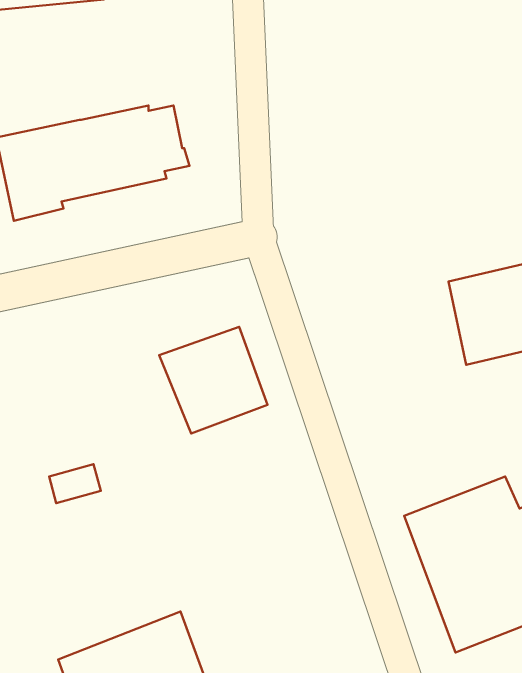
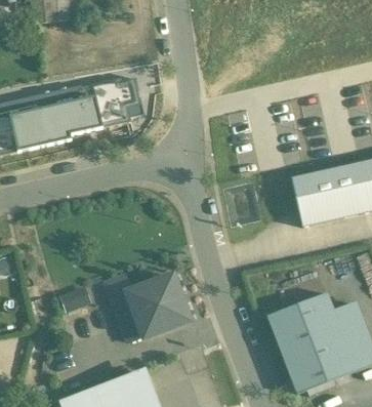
building: [159,327,267,433] -> [127,276,190,337]

